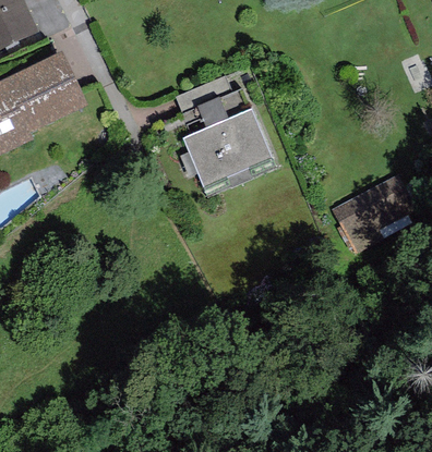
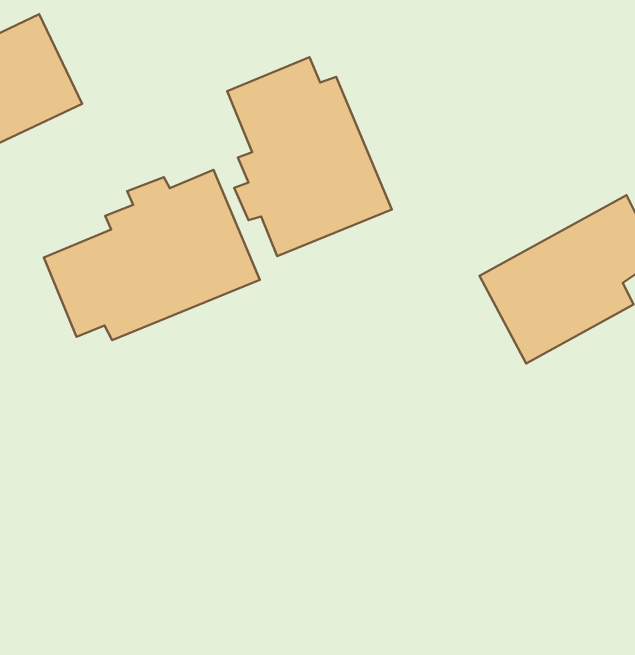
building: none -> [44,170,260,340]

